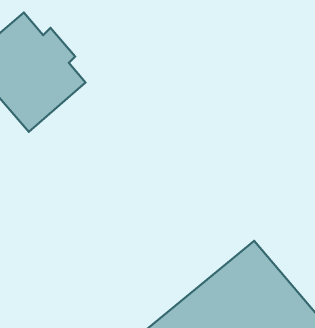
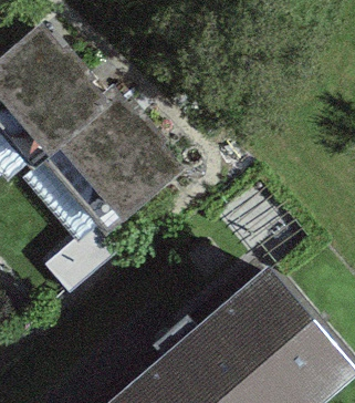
building: none -> [43,94,177,230]

